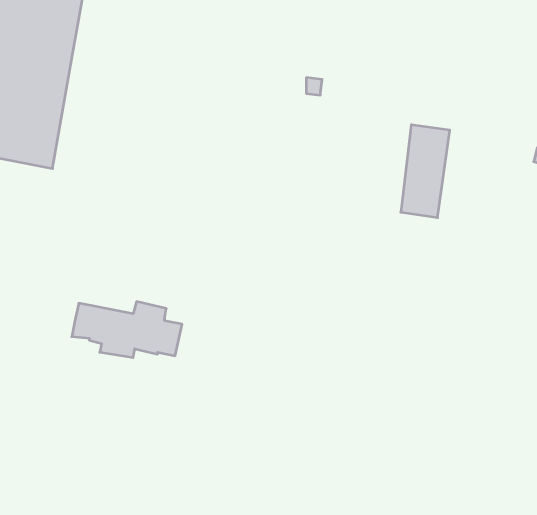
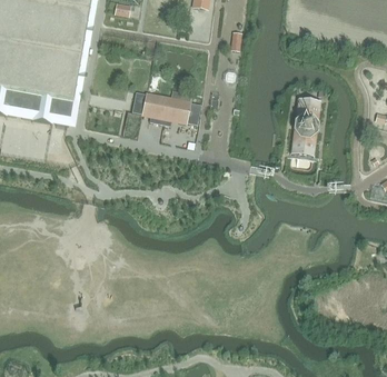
building: [72,302,182,358] -> [131,89,201,125]

